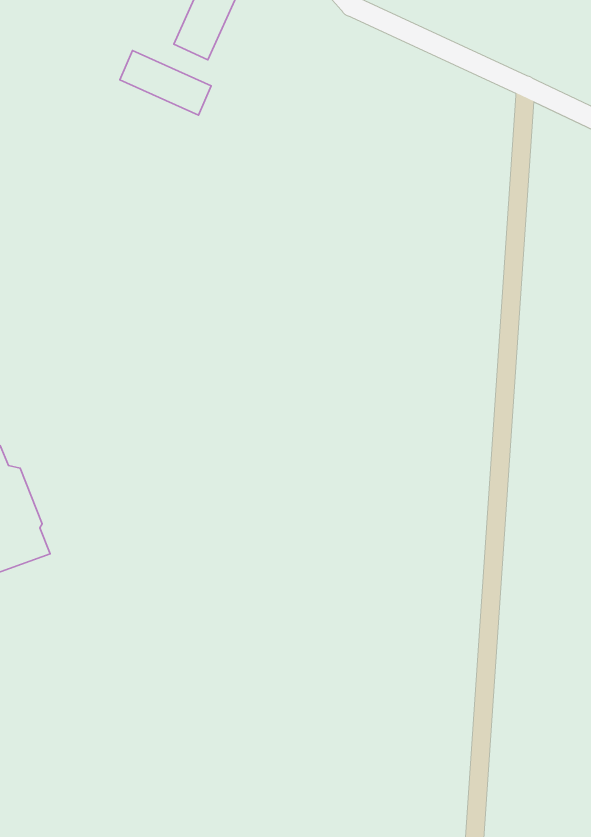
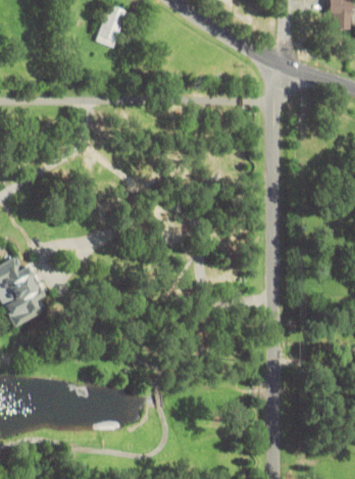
building: [120,51,211,115] -> none

